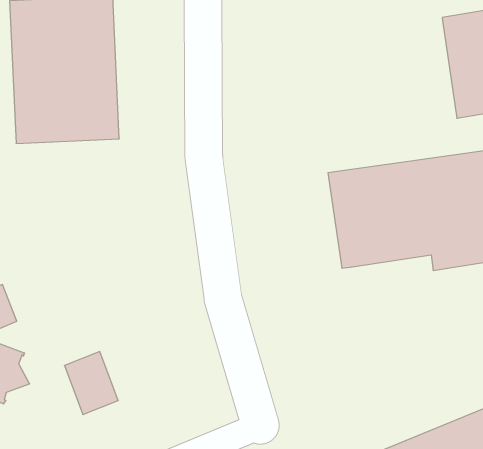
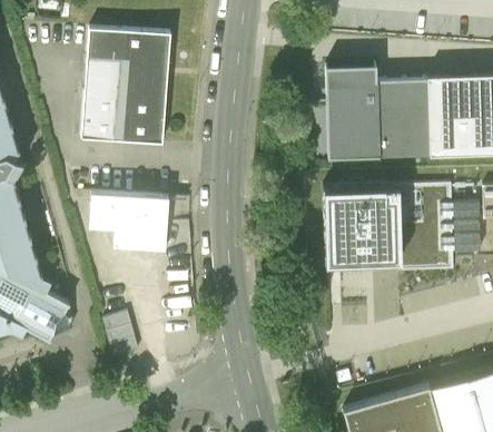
building: none -> [325,68,430,163]
building: none -> [88,195,168,253]

